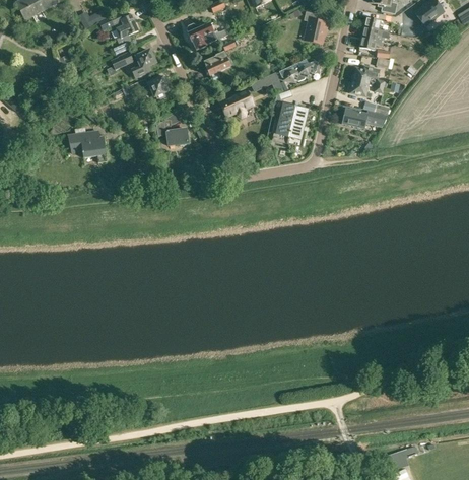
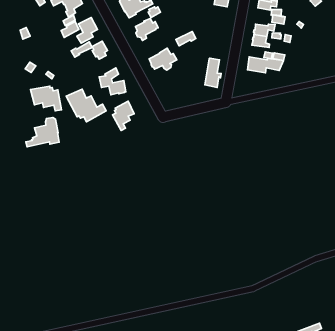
building: [279,60,317,81] -> none
building: [273,102,295,139] -> none
building: none -> [66,89,106,122]
building: none -> [112,101,134,131]
building: none -> [26,117,59,147]

